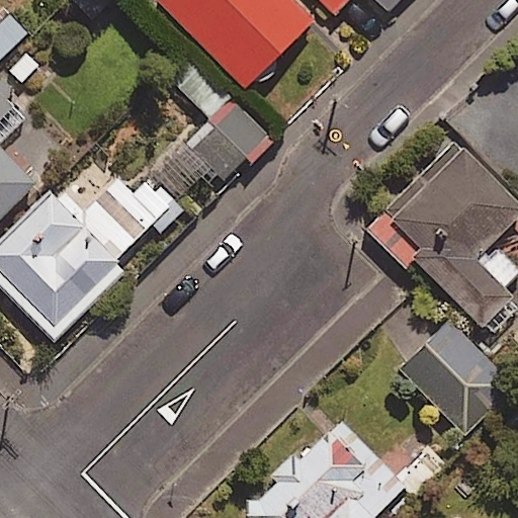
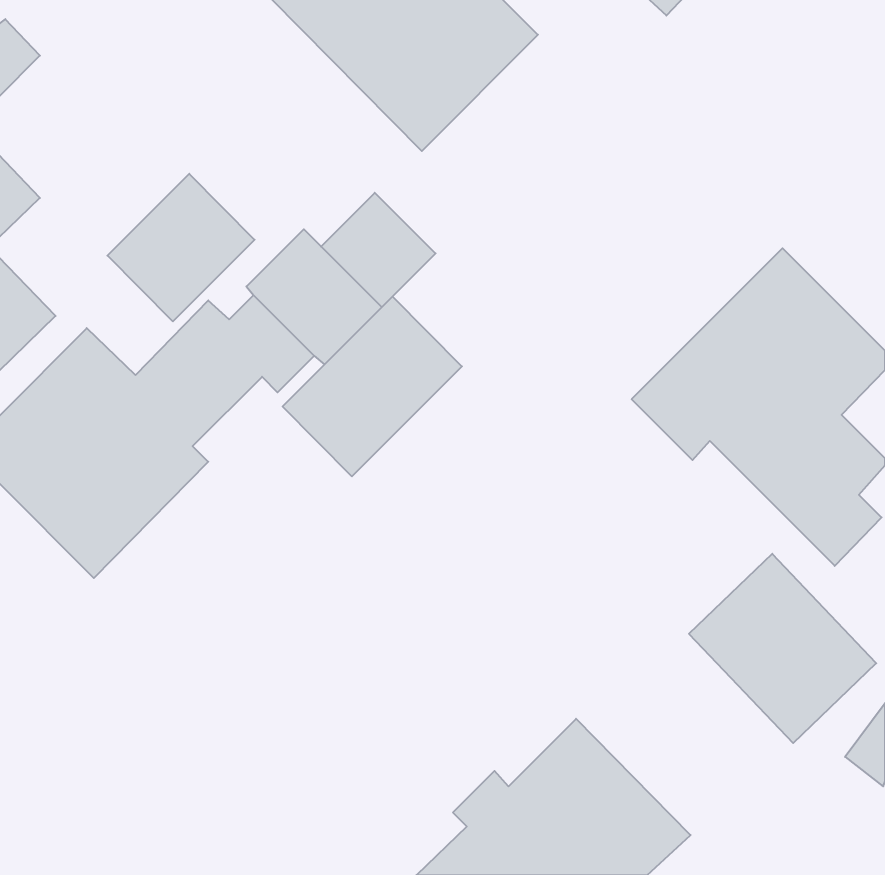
building: none -> [107,174,255,321]
building: none -> [283,296,462,476]

